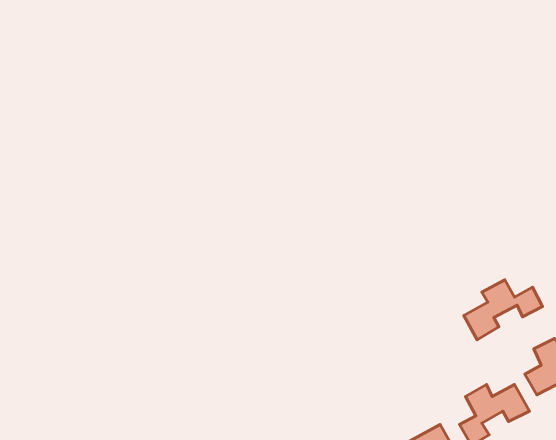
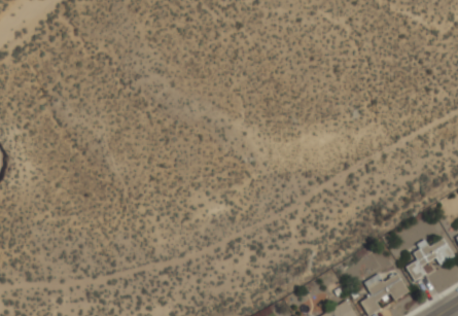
building: [464,280,542,340] -> none

